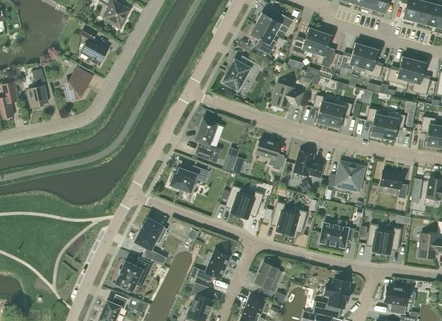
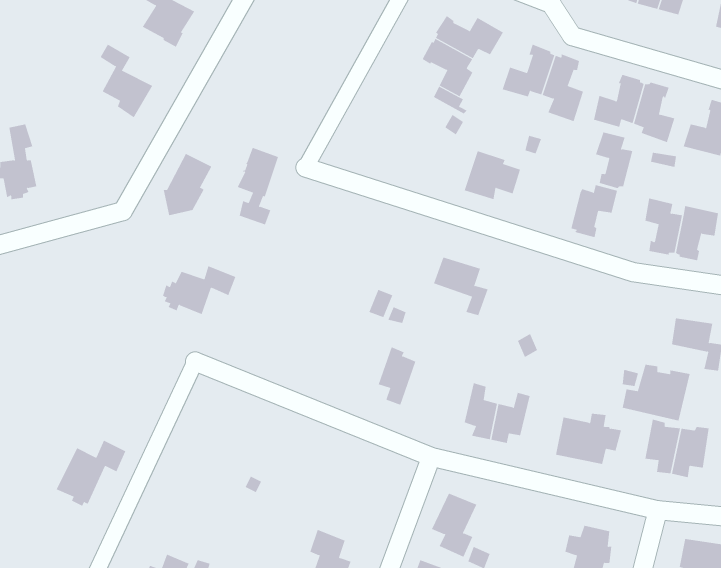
building: [224,56,261,90] -> none
building: [65,68,91,101] -> [163,153,212,216]
building: [313,95,333,125] -> [595,132,633,189]
building: [195,119,217,160] -> [237,147,279,225]
building: [294,151,325,178] -> none
building: [329,162,365,192] -> [622,364,691,421]
building: [170,166,209,192] -> [162,265,236,315]
building: [239,192,263,219] -> none
building: [135,218,167,250] -> none
building: [196,252,230,285] -> none
building: [115,257,152,292] -> [56,440,126,506]

